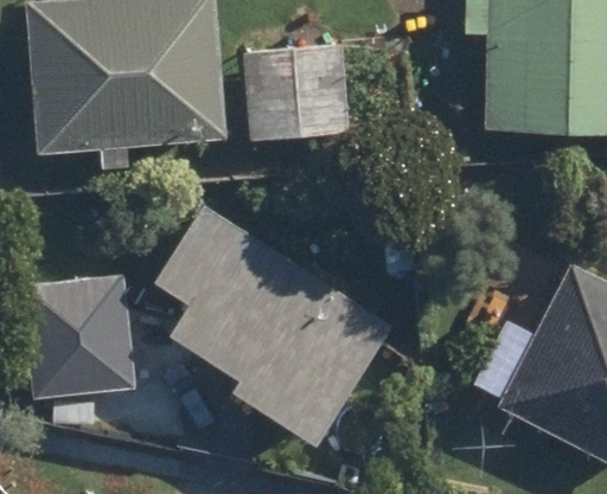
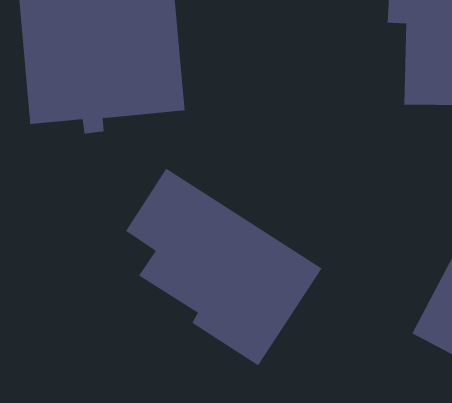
building: [243,46,350,141] -> none
building: [18,256,133,374] -> none

